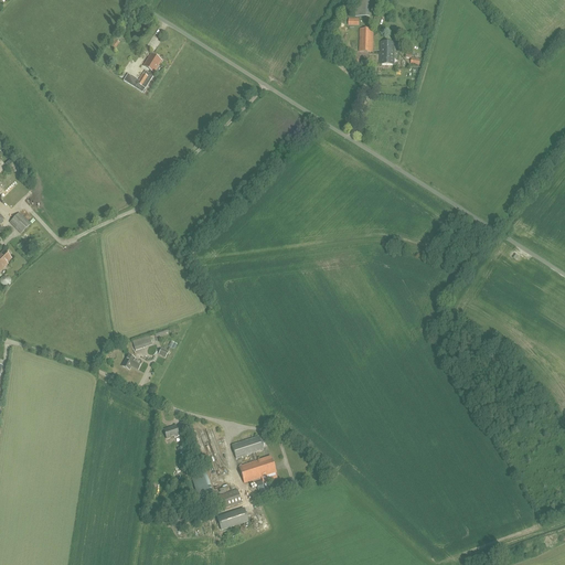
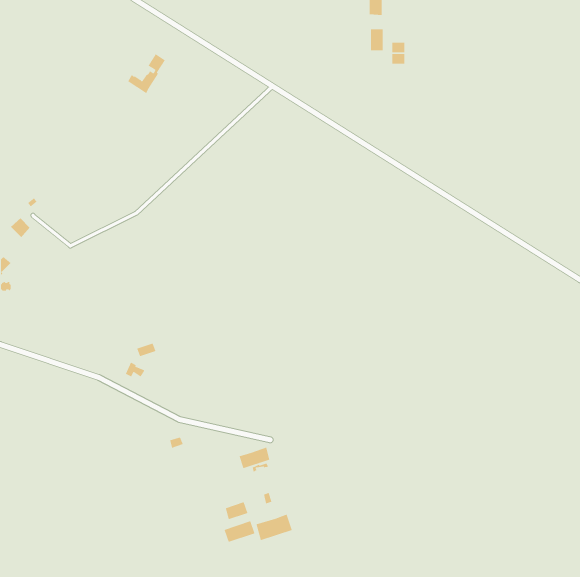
building: [239,455,276,481] -> [255,514,293,541]

